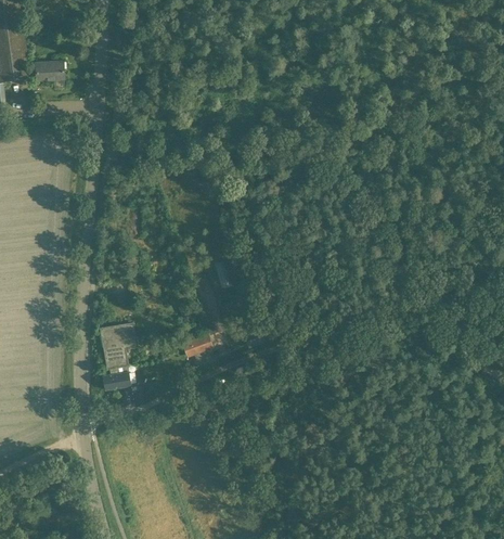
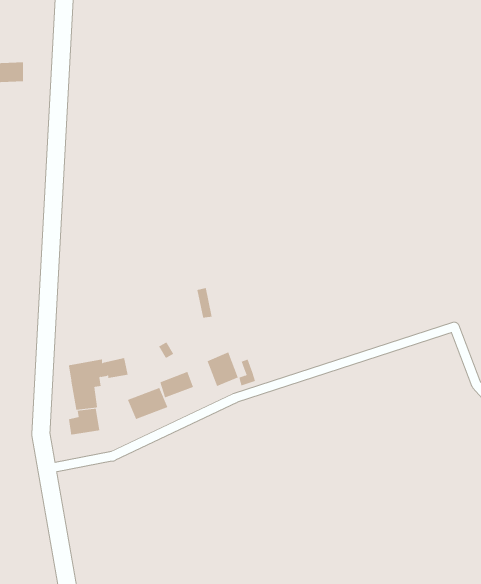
building: none -> [207,352,239,387]
building: none -> [127,387,168,420]

